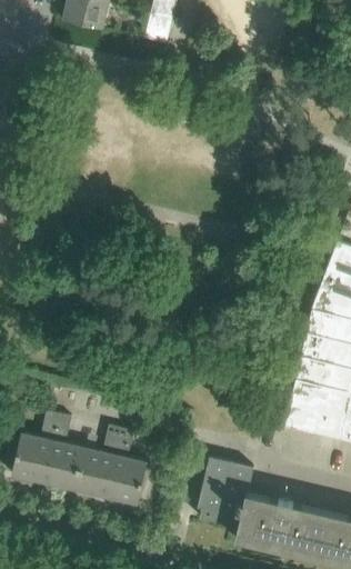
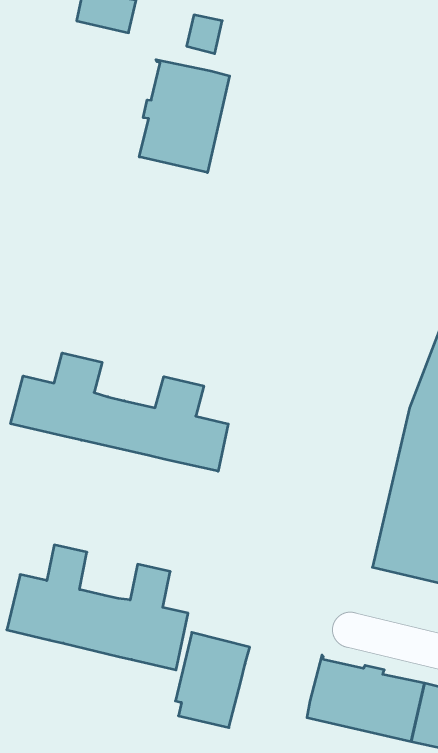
building: none -> [139,60,230,173]
building: none -> [11,353,228,471]
building: [198,456,253,527] -> [175,632,250,728]

